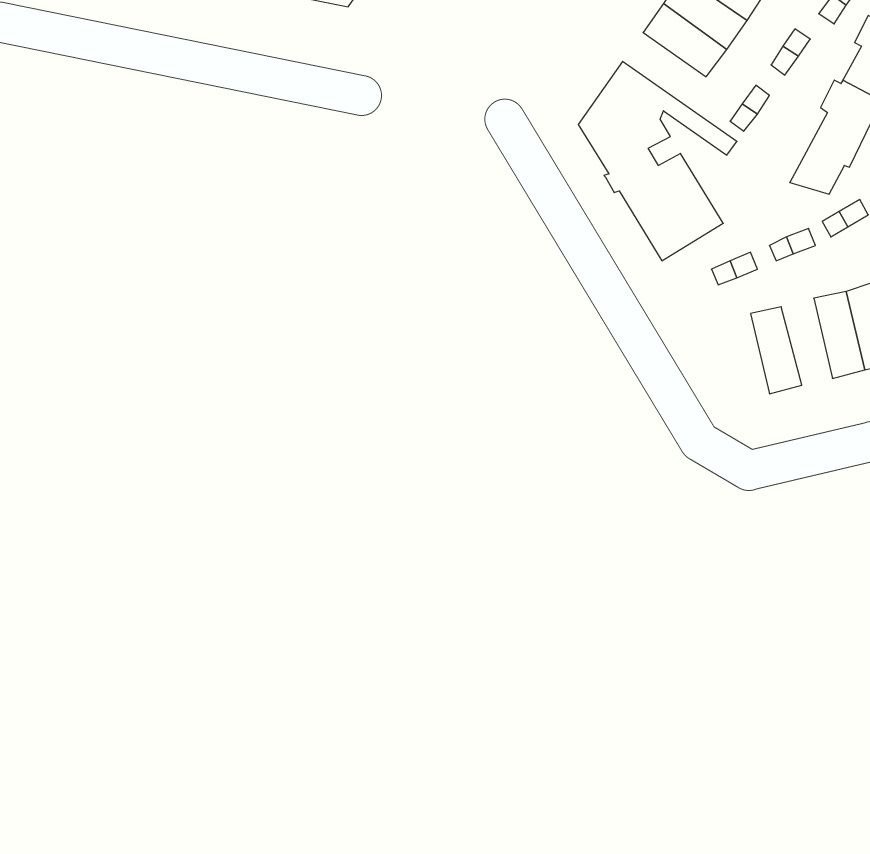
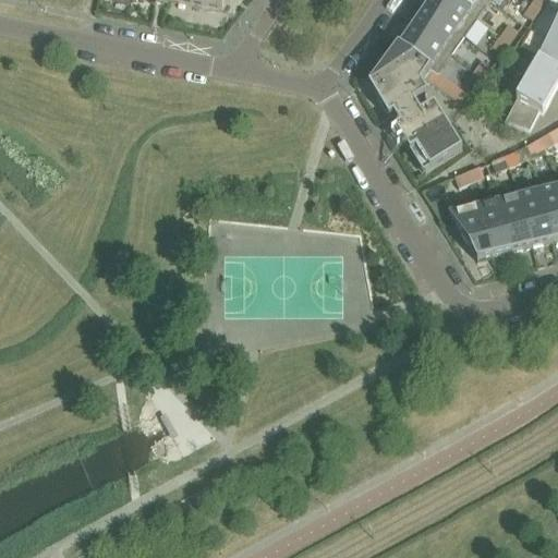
building: none -> [399,21,452,68]
building: none -> [450,191,493,255]
building: none -> [500,191,533,246]

